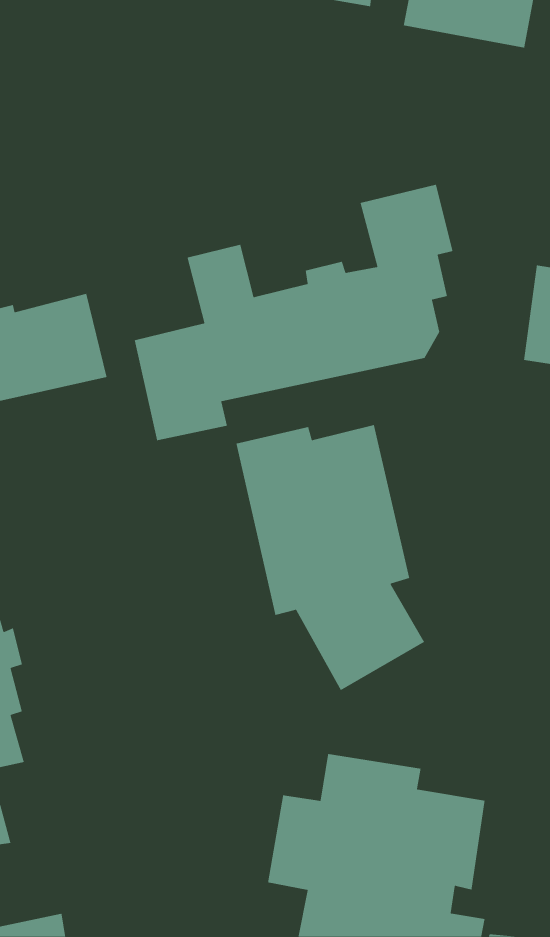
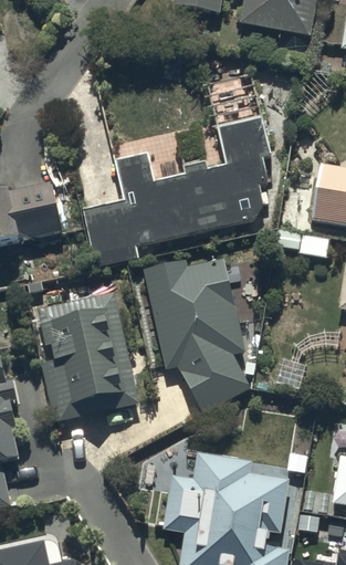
building: none -> [32,293,138,420]

